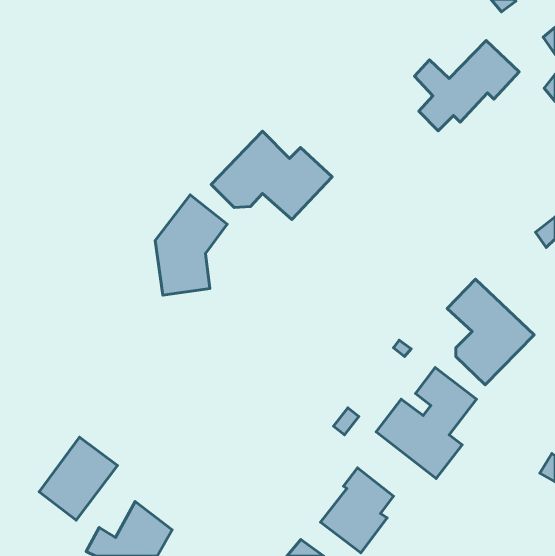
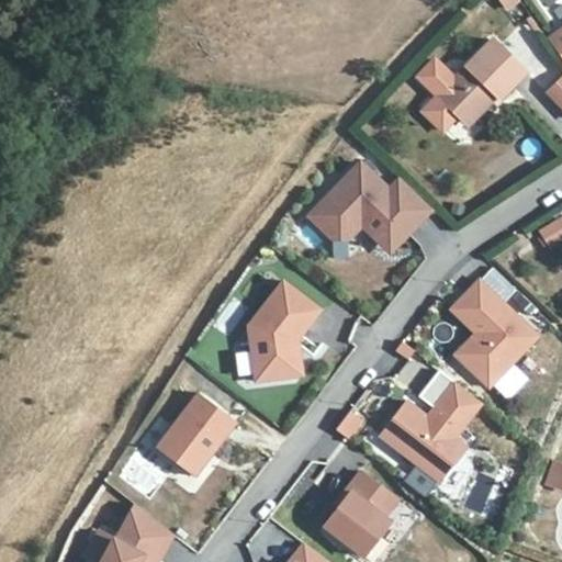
building: [211,131,332,220] -> [308,164,430,252]
building: [155,195,227,295] -> [247,281,319,382]
building: [39,437,118,520] -> [157,393,236,476]

